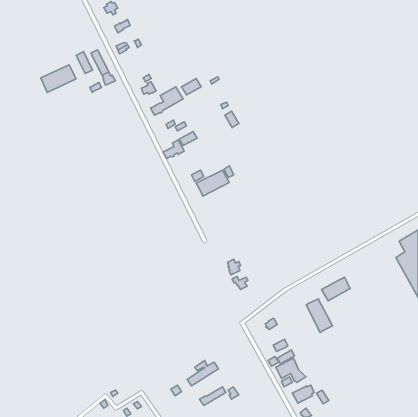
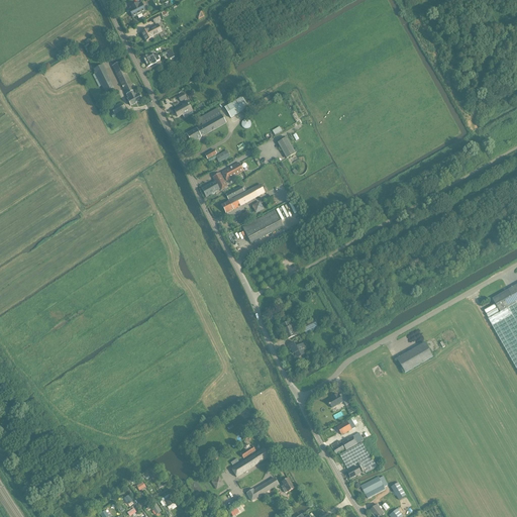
building: [41,65,76,93] -> none
building: none -> [221,184,265,213]
building: [306,299,332,333] -> none

